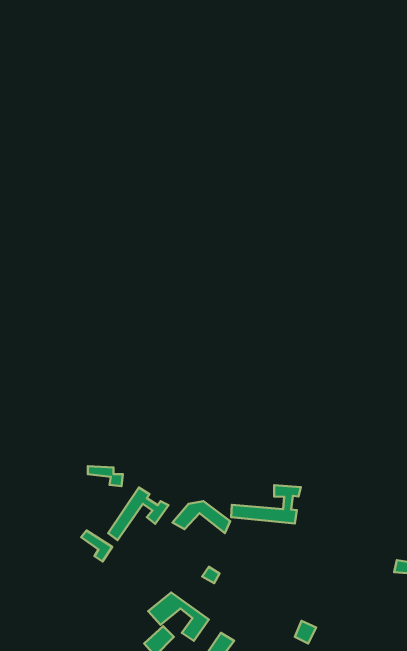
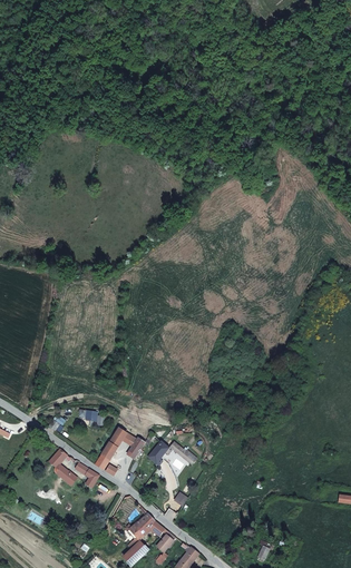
building: [231,485,301,524] -> none
building: none -> [46,449,75,487]

